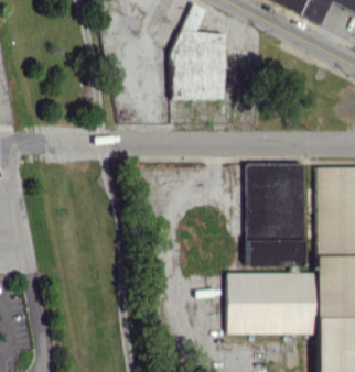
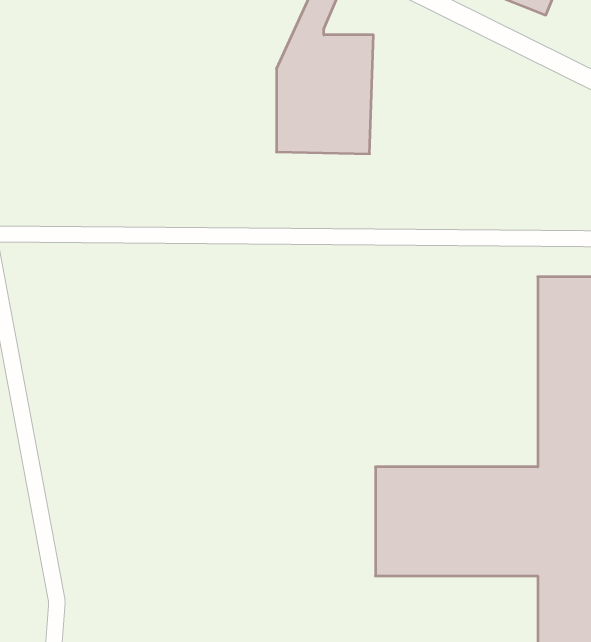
building: [247,163,305,265] -> none

